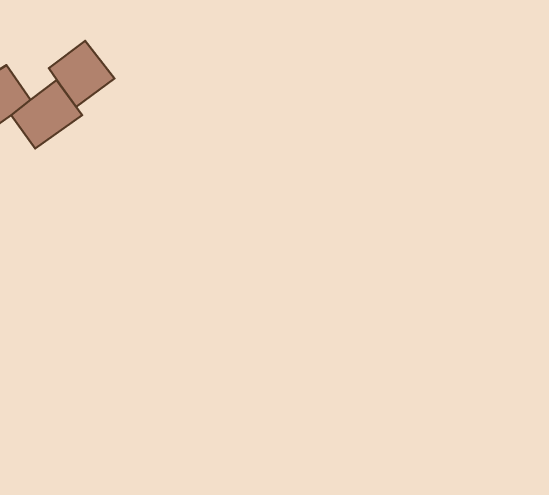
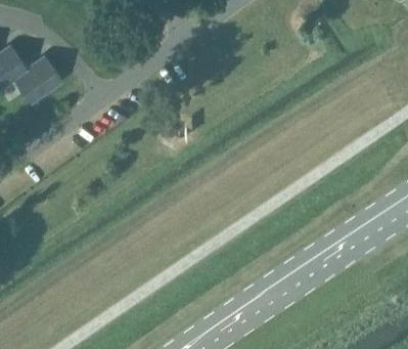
building: [49,41,115,107] -> none

